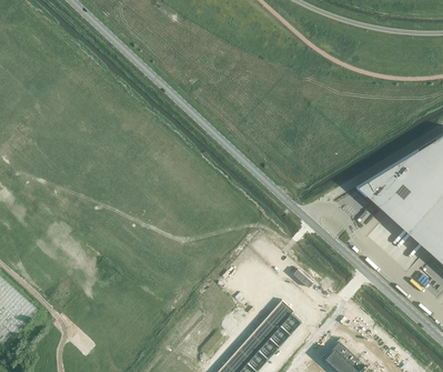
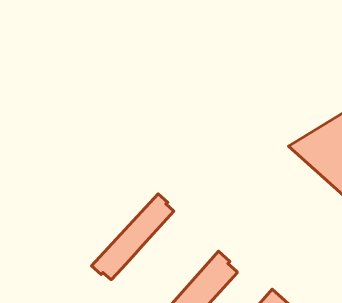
building: none -> [91,194,174,280]

